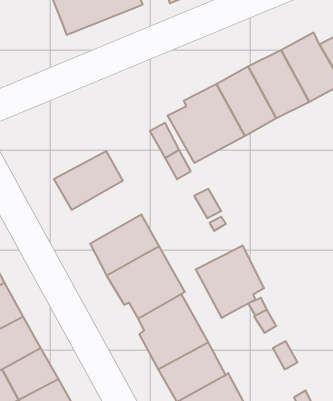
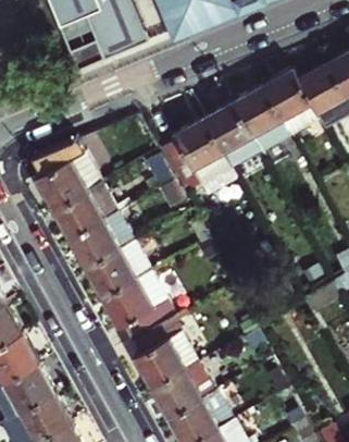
building: none -> [33,138,103,206]
building: none -> [71,207,136,266]
building: [196,245,264,318] -> none

